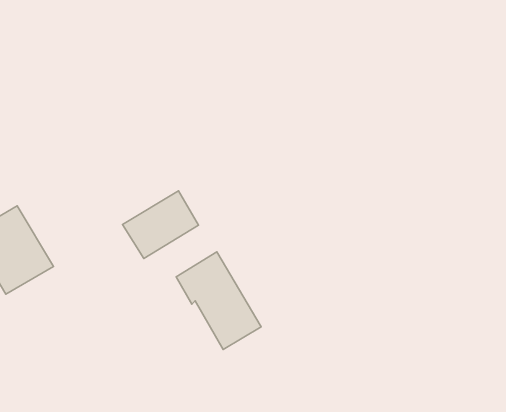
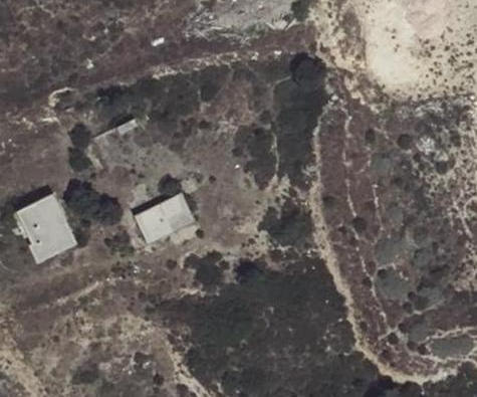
building: [176,252,261,349] -> none

